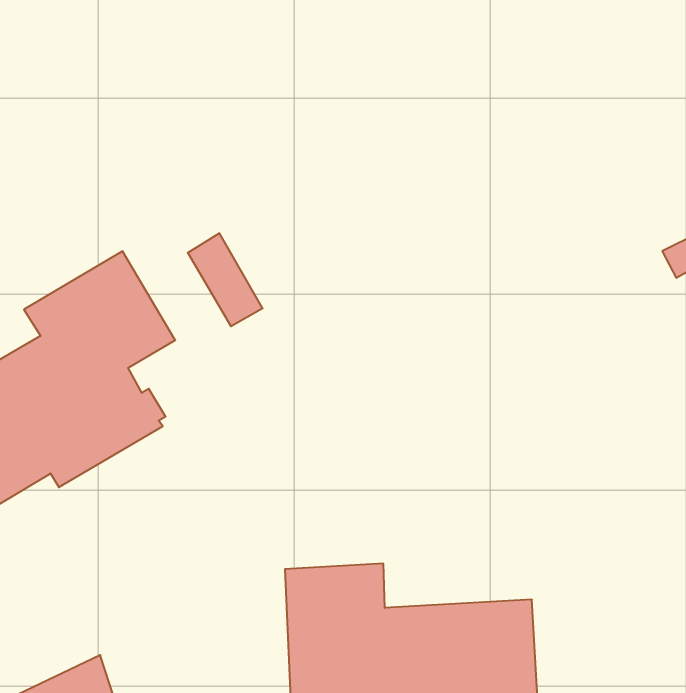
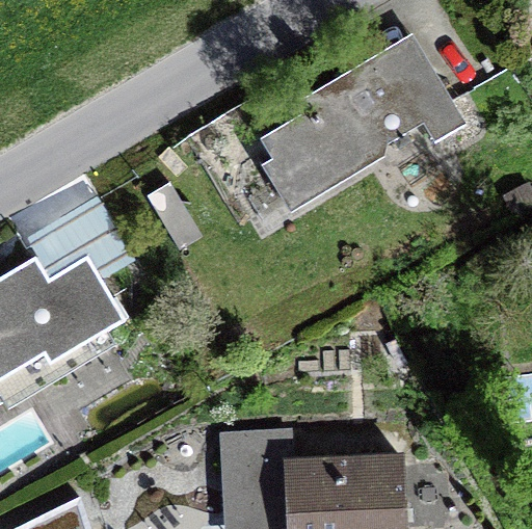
building: none -> [260,35,466,219]

